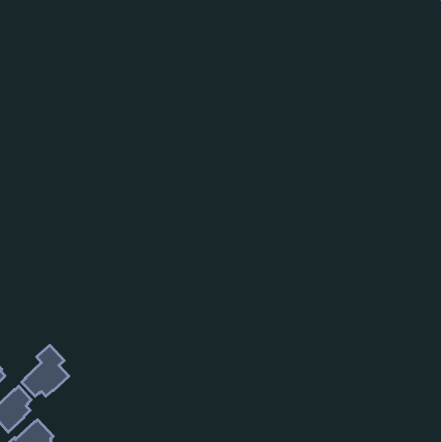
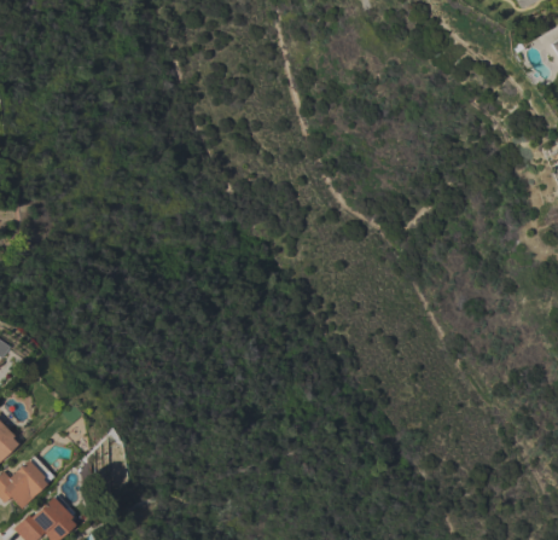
building: [22,345,69,396] -> none

